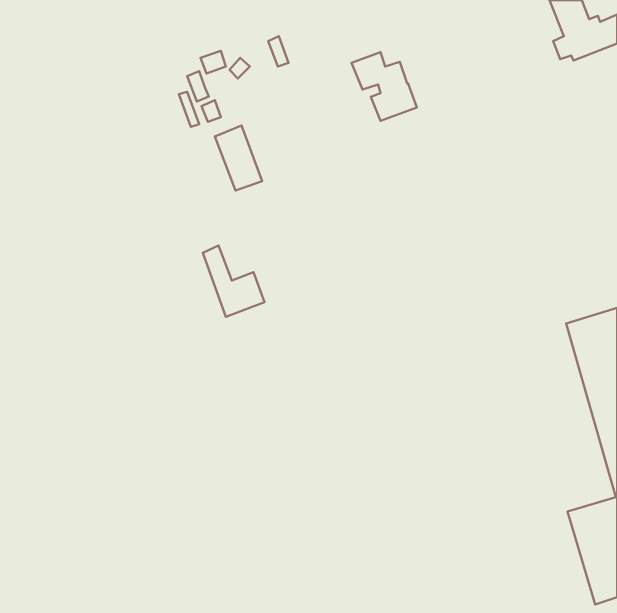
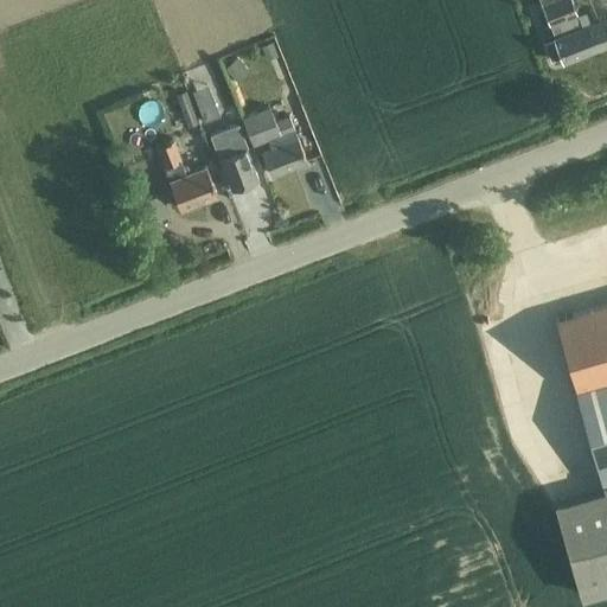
building: [351,52,417,121] -> [243,109,307,177]
building: [203,245,264,317] -> [158,141,218,211]

